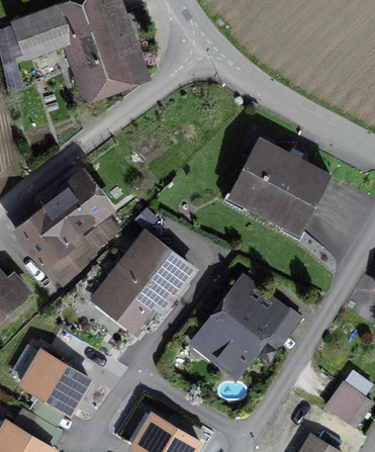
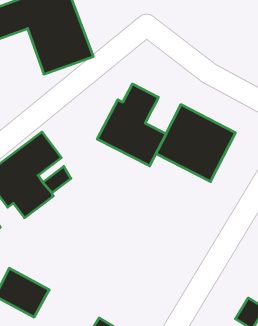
building: none -> [97,84,166,166]
building: [91,233,194,333] -> none
building: [189,275,288,380] -> none

